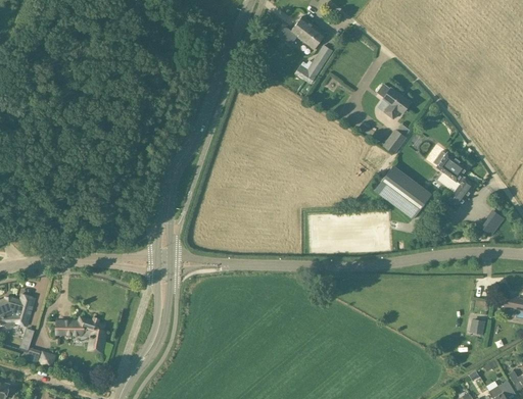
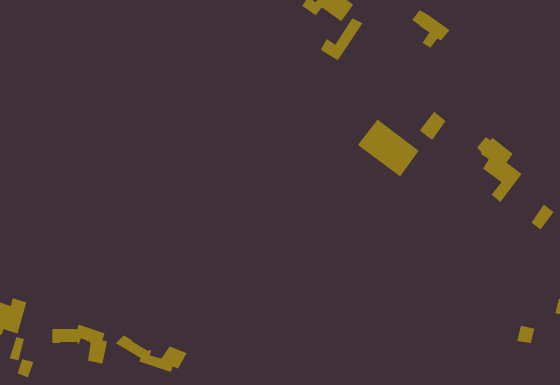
building: [376,84,411,118] -> [411,9,450,49]
building: [374,166,430,218] -> [357,118,420,177]
building: none -> [115,334,187,373]

